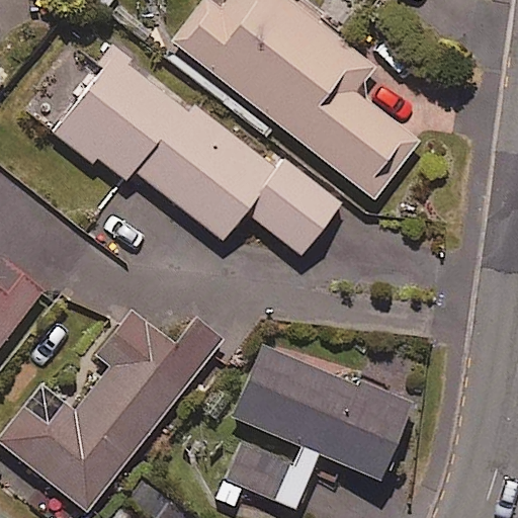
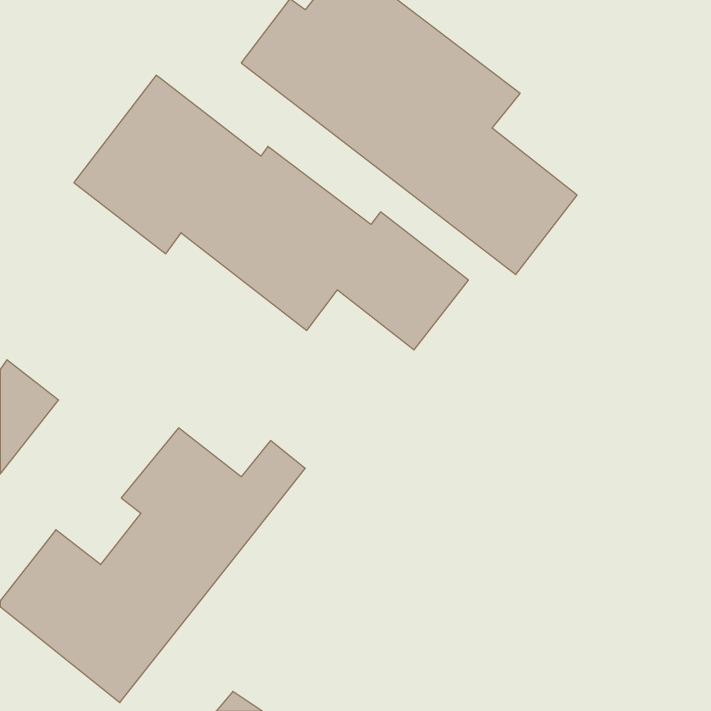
building: [219,348,410,507] -> none

